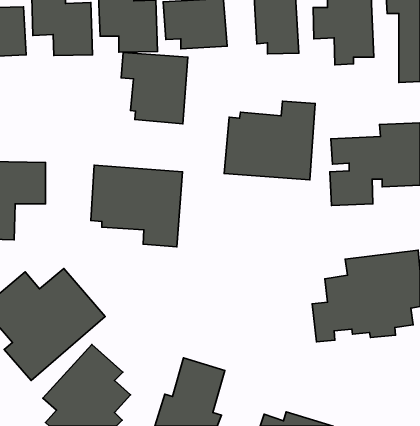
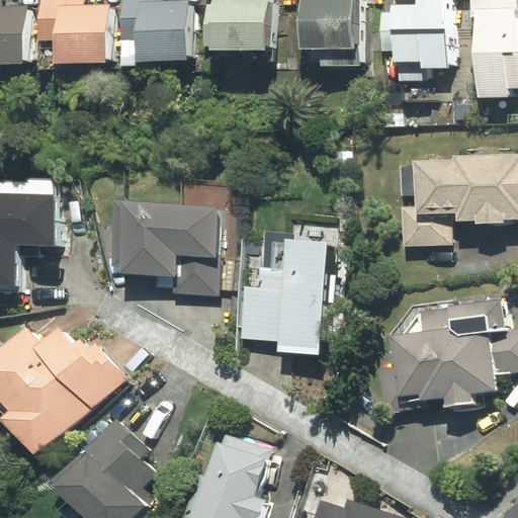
building: [121,52,188,124] -> none
building: [224,101,315,180] -> none
building: none -> [237,240,332,354]

